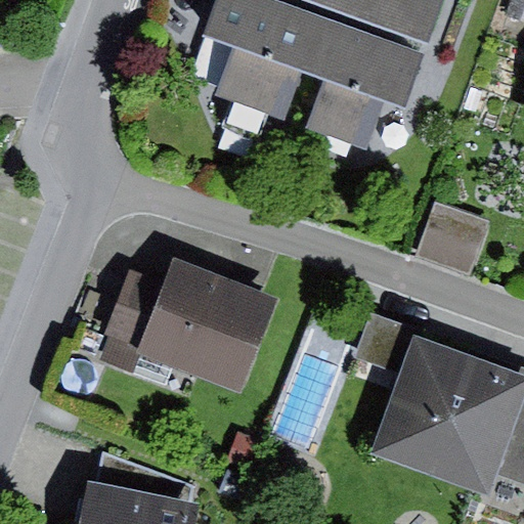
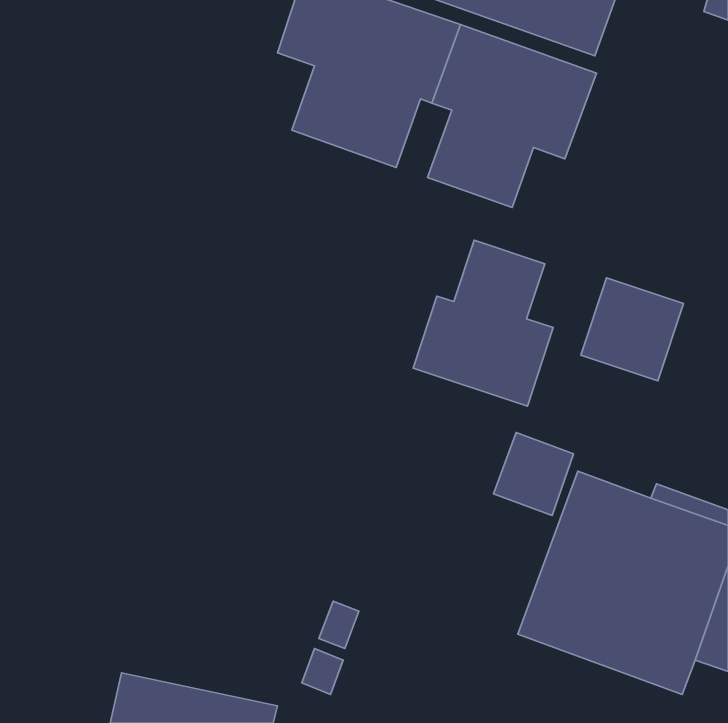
building: none -> [413,240,553,406]
building: [97,263,282,396] -> none

